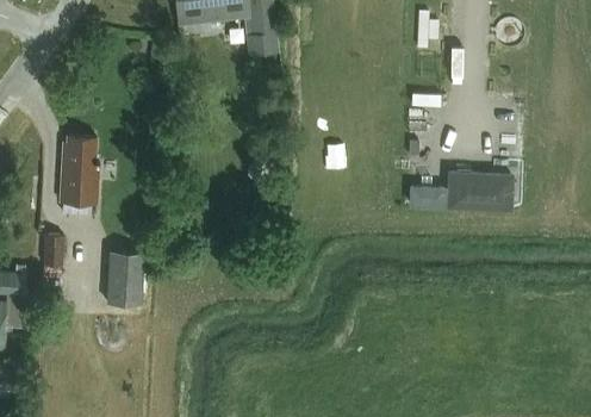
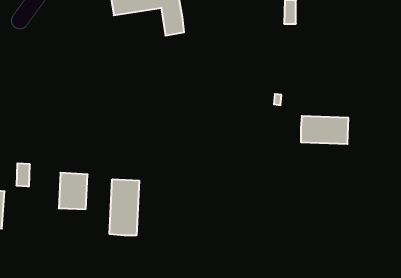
building: [60,138,99,206] -> none
building: [408,186,444,207] -> none
building: none -> [110,179,139,235]

